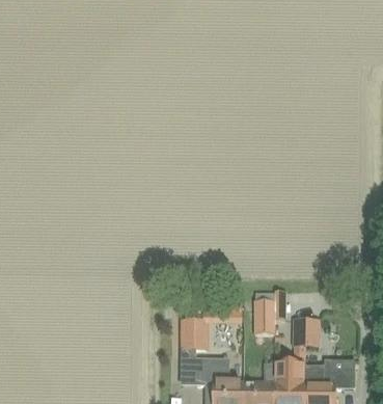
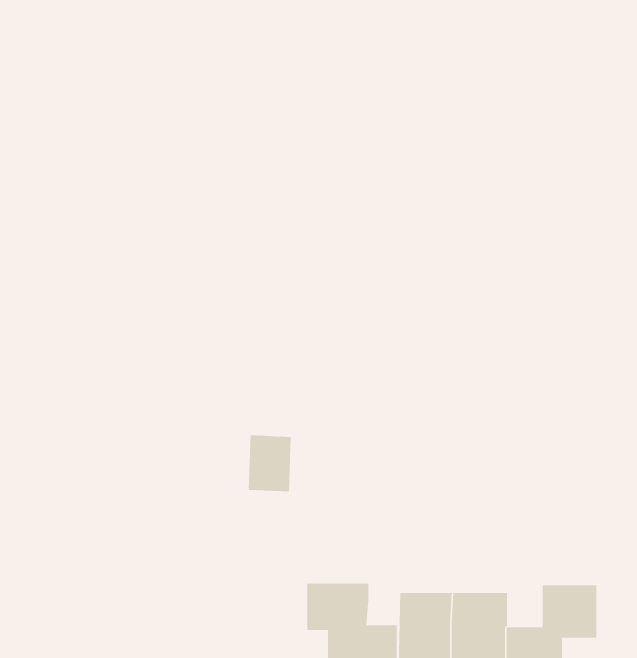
building: [254,297,275,331] -> none
building: [182,316,206,347] -> [248,435,292,492]
building: [295,317,320,344] -> none

